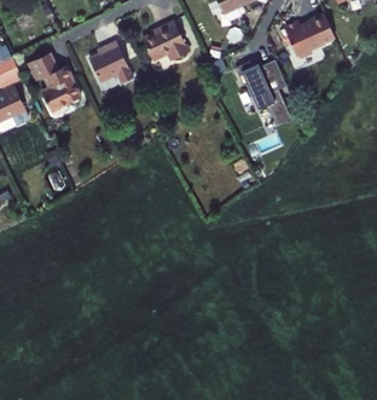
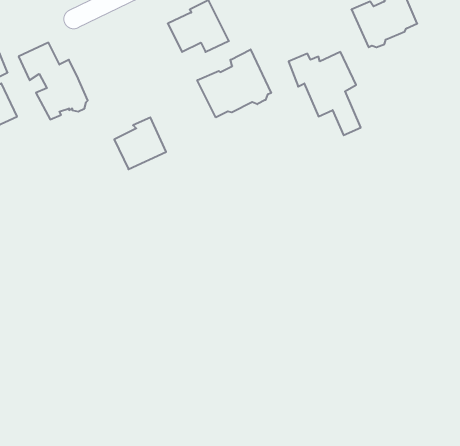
building: [88,41,128,81] -> [114,117,166,169]
building: none -> [197,49,271,117]

